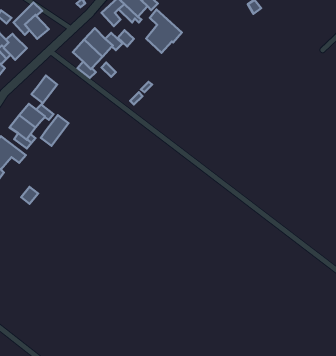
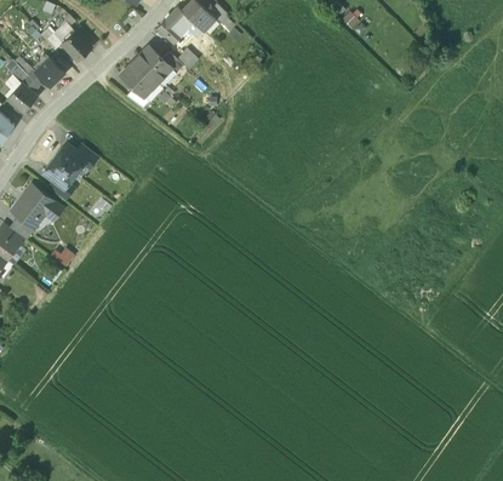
building: [146,9,182,53] -> none
building: [31,76,57,103] -> none
building: [41,115,68,146] -> none

